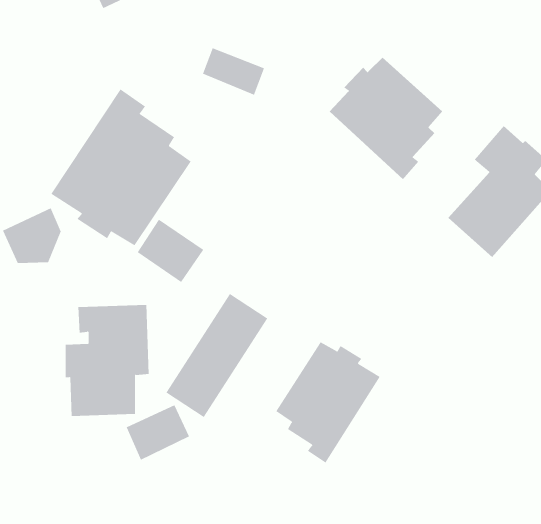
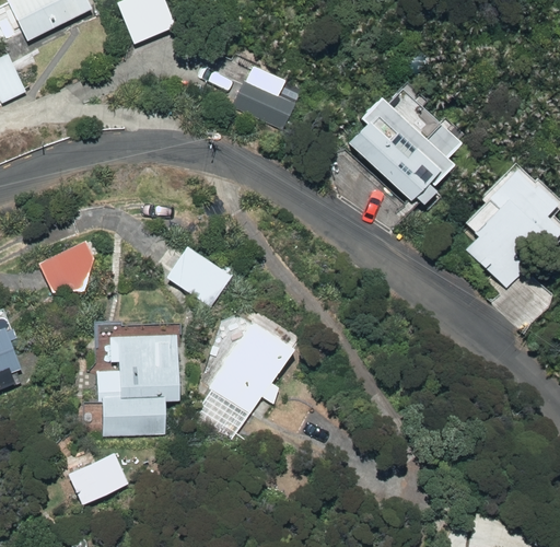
building: [51,88,192,246] -> none
building: [276,342,380,463] -> none
building: [126,404,190,460] -> [67,447,128,501]

